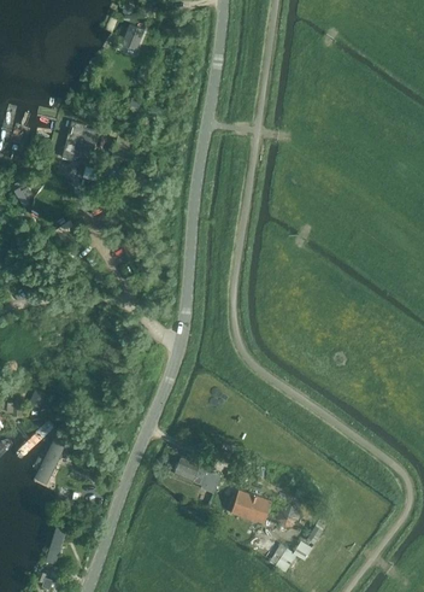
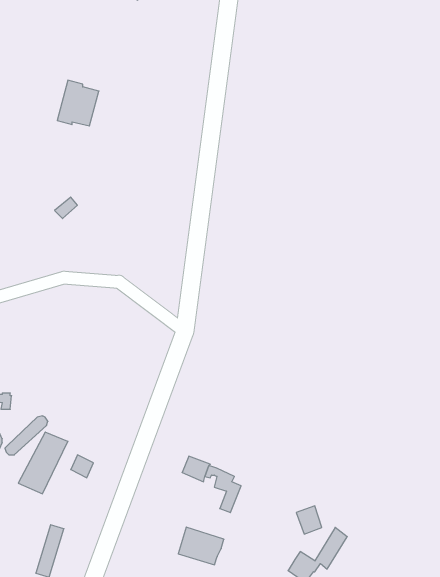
building: [230,488,271,522] -> [178,527,224,565]

